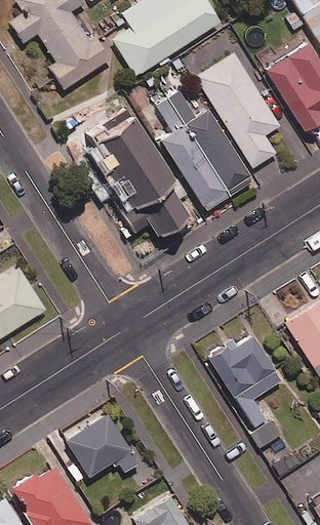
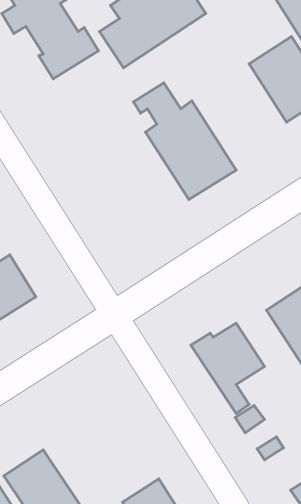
building: [195,52,279,168] -> none
building: [78,103,195,239] -> none
building: [69,413,141,476] -> none

